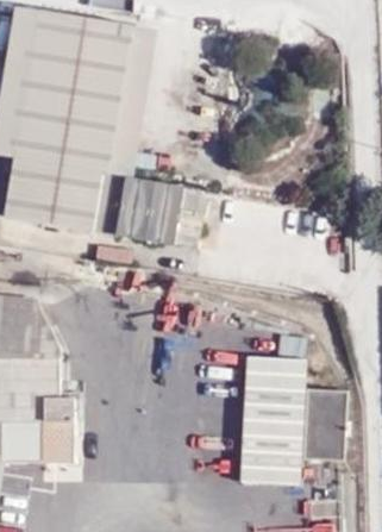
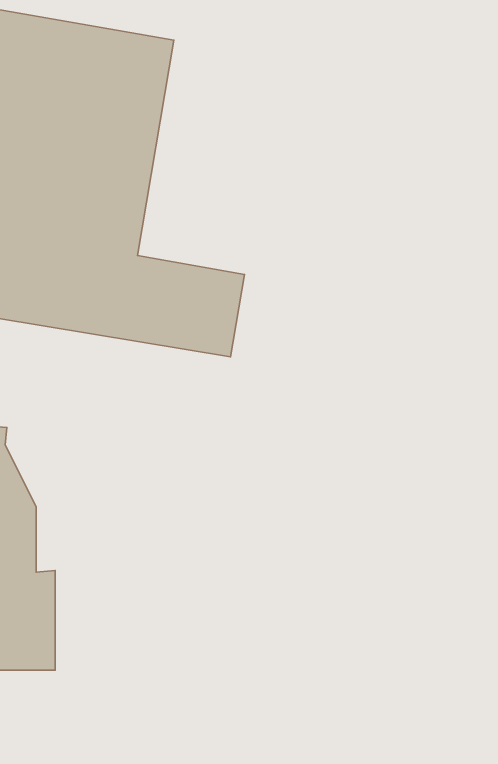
building: [238,338,344,486] -> none

